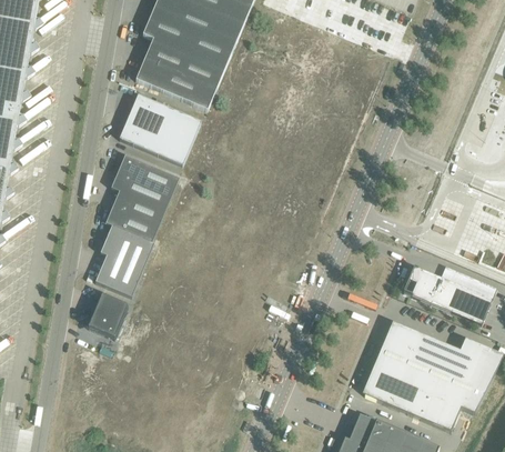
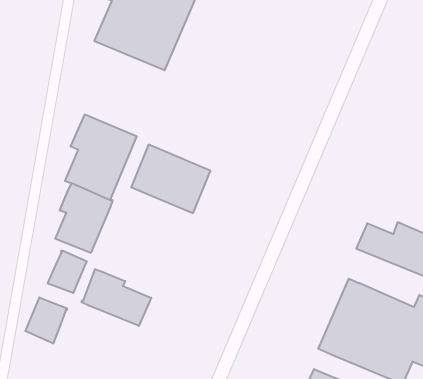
building: [119,94,200,164] -> [131,145,210,213]
building: none -> [82,269,151,326]
building: none -> [25,297,67,344]

